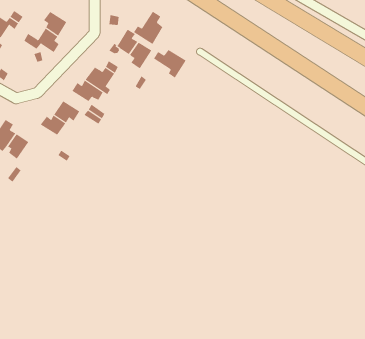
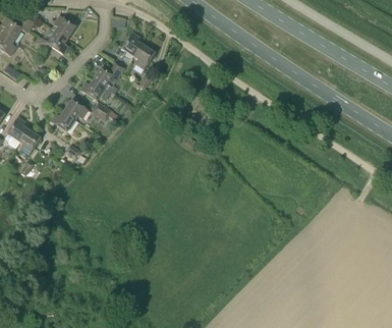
building: [133,11,163,45] -> none
building: [153,49,187,78] -> none

